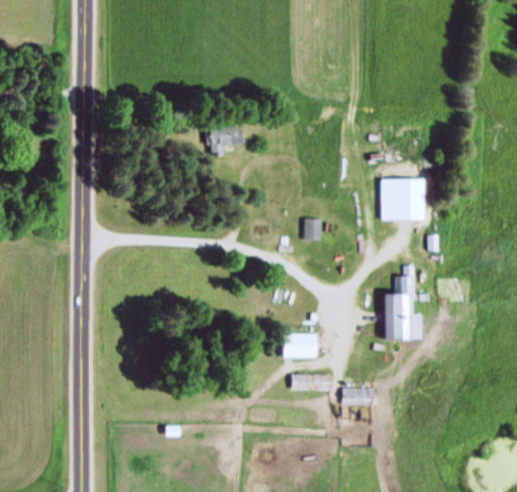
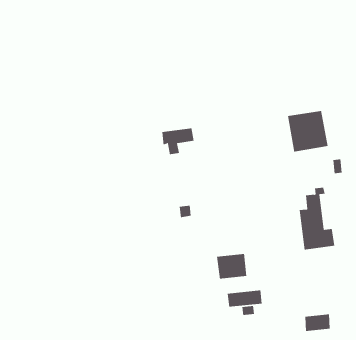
building: [205,128,241,157] -> [162,128,194,155]
building: [306,217,322,239] -> none
building: [343,388,374,405] -> [305,314,331,332]

